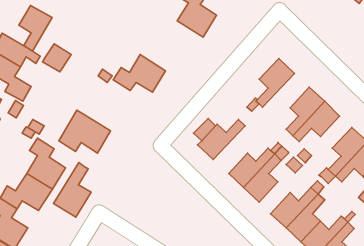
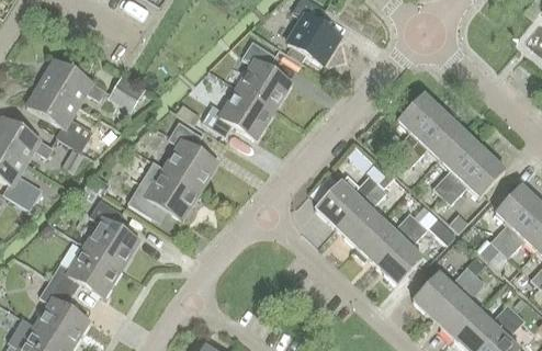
building: [19,6,52,51] -> none
building: none -> [238,41,291,109]
building: none -> [402,112,464,166]
building: none -> [165,121,217,189]
building: none -> [336,182,387,246]
building: [54,163,91,217] -> none

